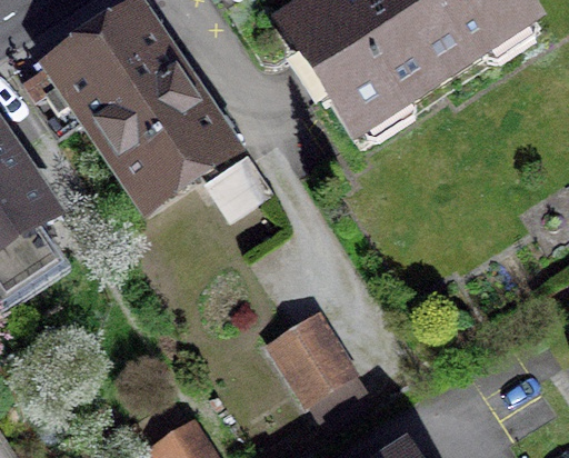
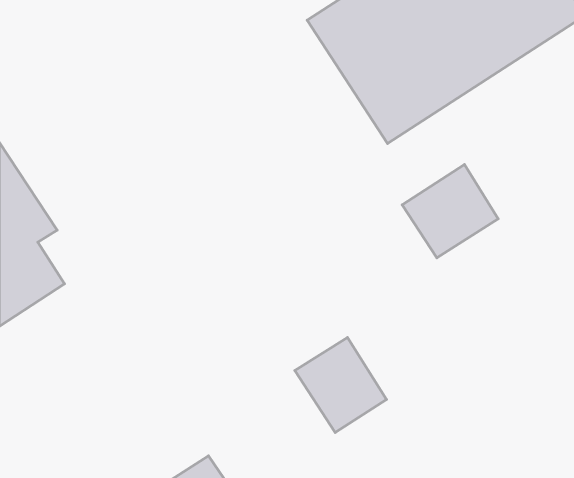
building: [47,17,243,201] -> none
building: none -> [402,164,498,258]

